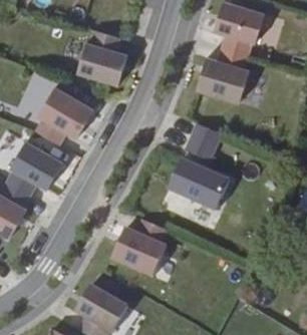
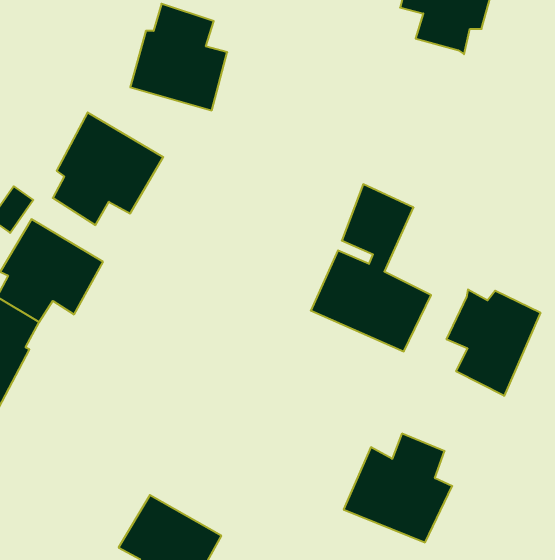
building: [196,50,248,105] -> none
building: none -> [447,289,540,396]
building: [110,224,167,280] -> [344,434,452,542]

